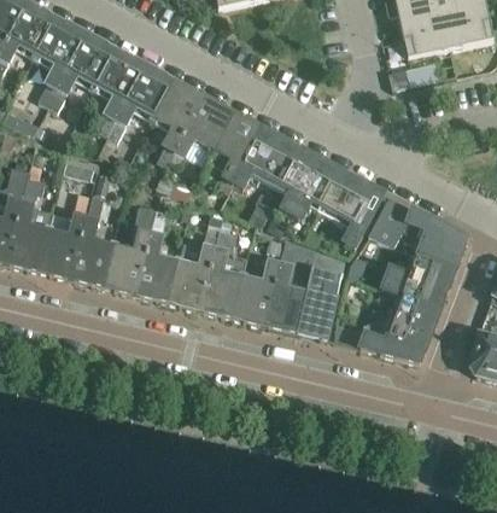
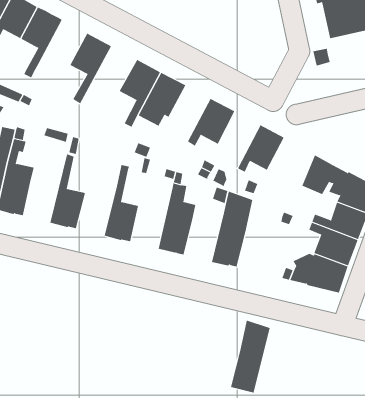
building: [49,34,116,110] -> none
building: [109,65,176,140] -> none
building: [215,112,264,180] -> none
building: [274,144,324,212] -> none
building: [333,175,384,244] -> none
building: [40,192,92,278] -> none
building: [104,203,157,293] -> none
building: [169,232,218,309] -> none
building: [297,250,345,338] -> [230,320,270,393]
building: [233,263,280,325] -> none

